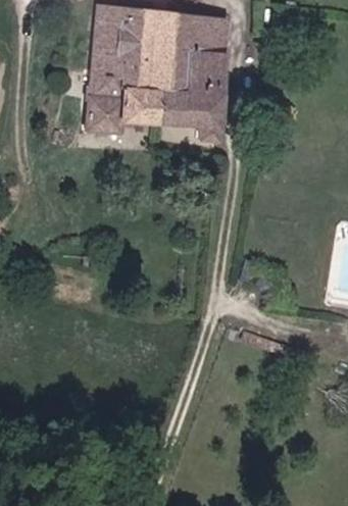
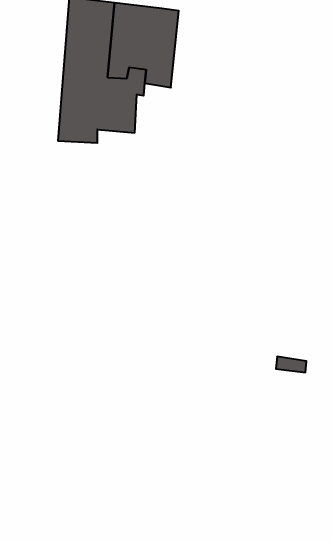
building: [156,15,226,141] -> none

